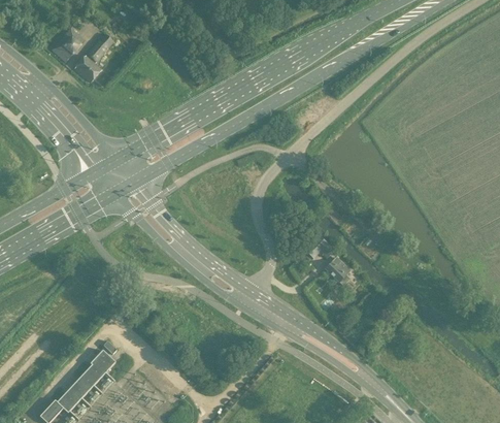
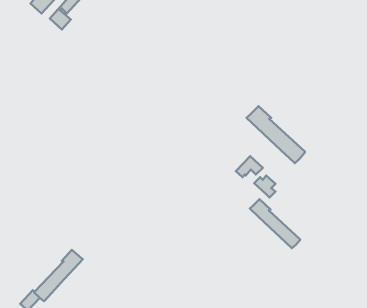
building: none -> [247,106,305,163]
building: none -> [250,199,300,248]

